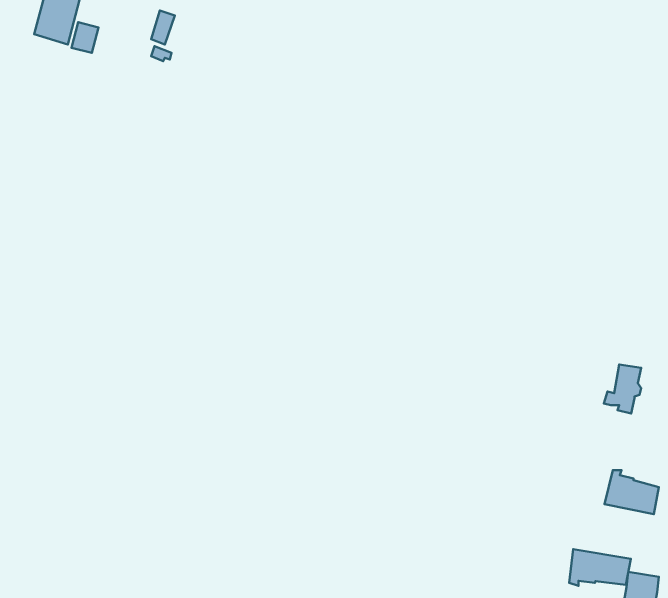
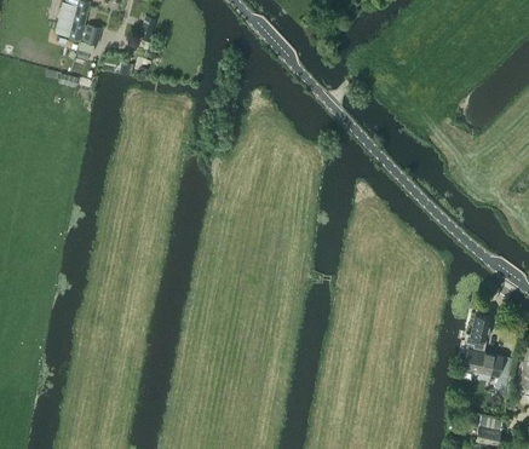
building: [604,364,641,414] -> [464,315,490,350]
building: [569,549,631,586] -> none

